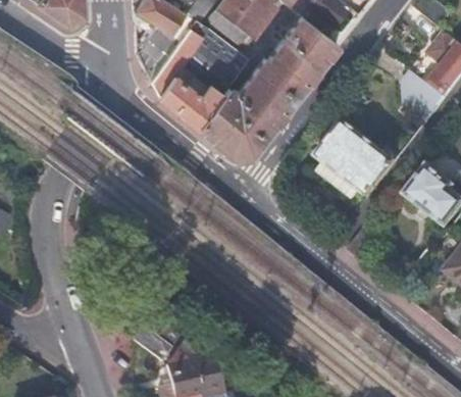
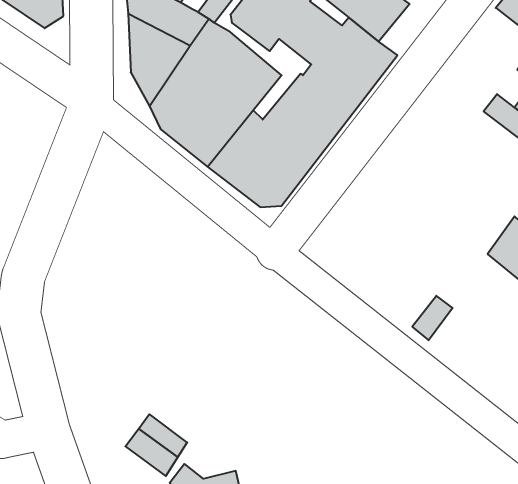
building: [318,122,400,202] -> none

